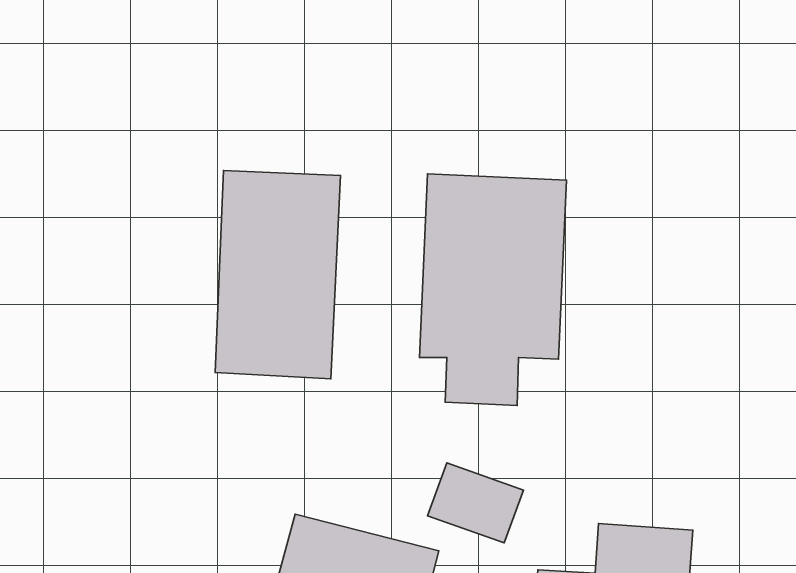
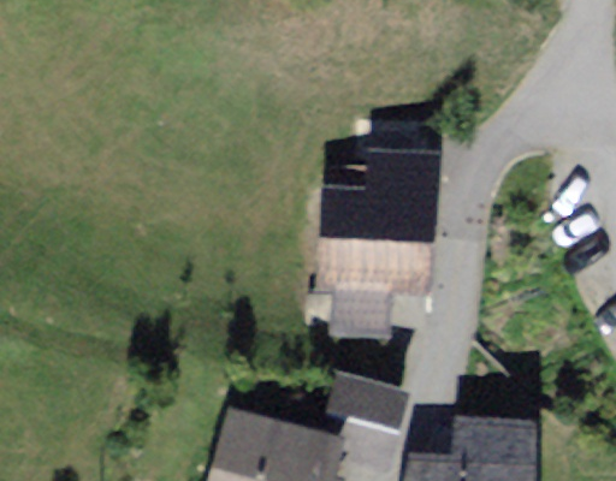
building: [215,170,341,379] -> none

